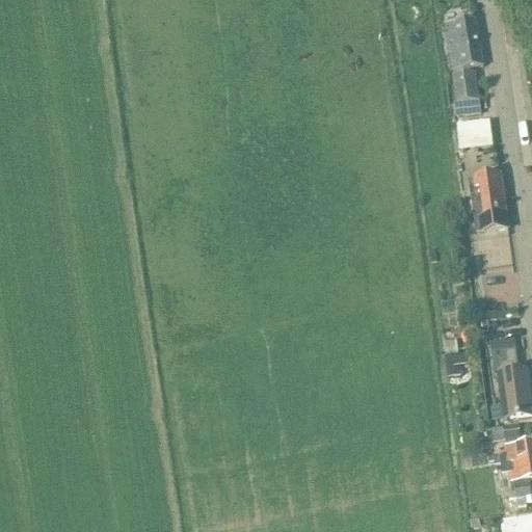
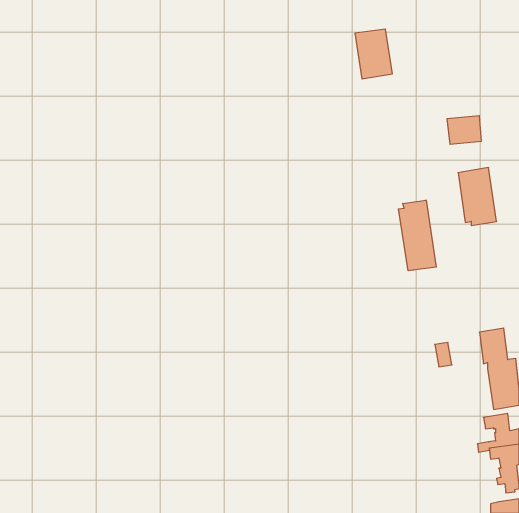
building: [445,17,483,68] -> [355,29,392,79]
building: [452,70,480,113] -> none
building: none -> [398,200,436,271]

